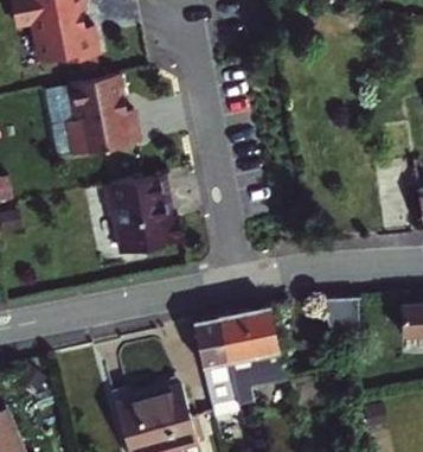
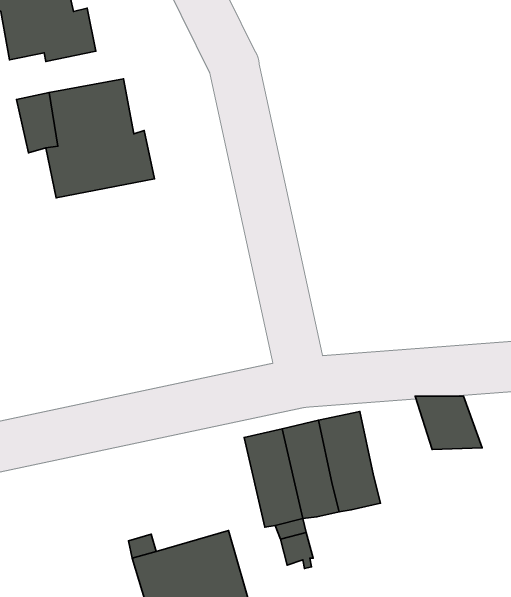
building: [104,176,181,255] -> none

